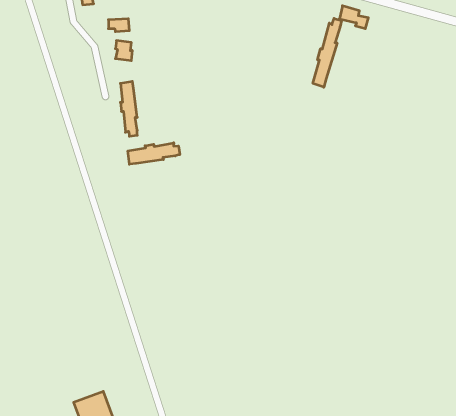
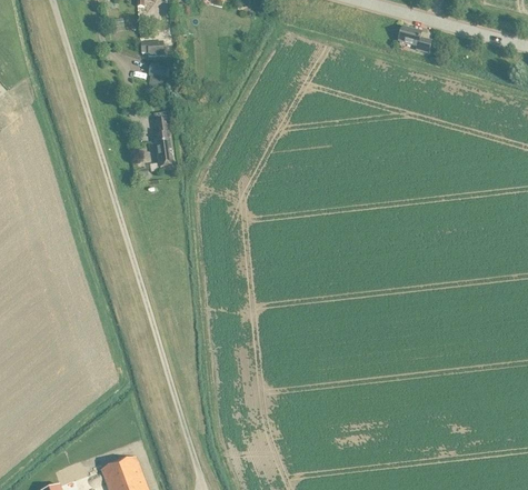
building: [313,18,341,87] -> none
building: [128,143,180,164] -> none

